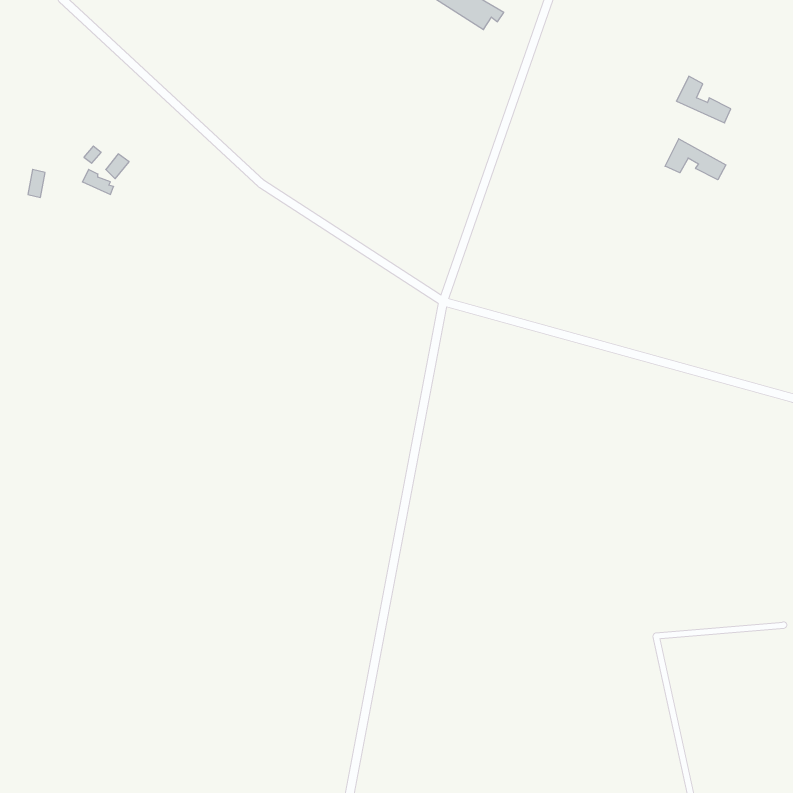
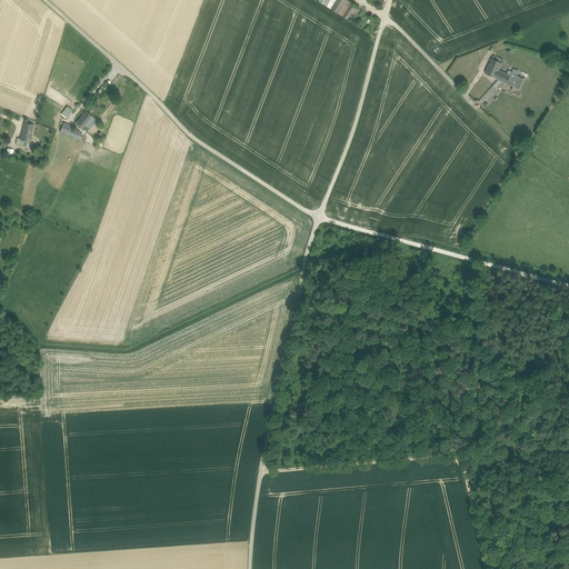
building: [665,139,726,180] -> none

